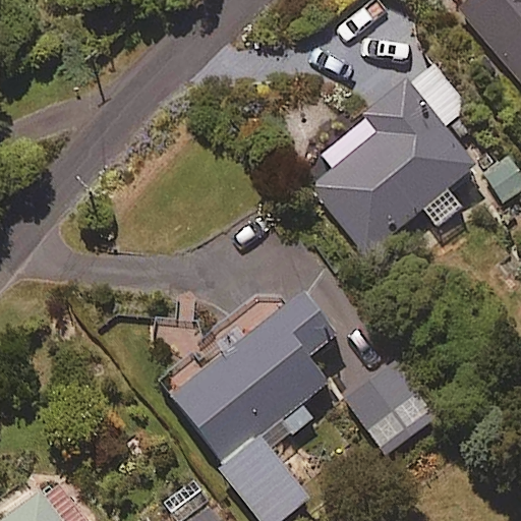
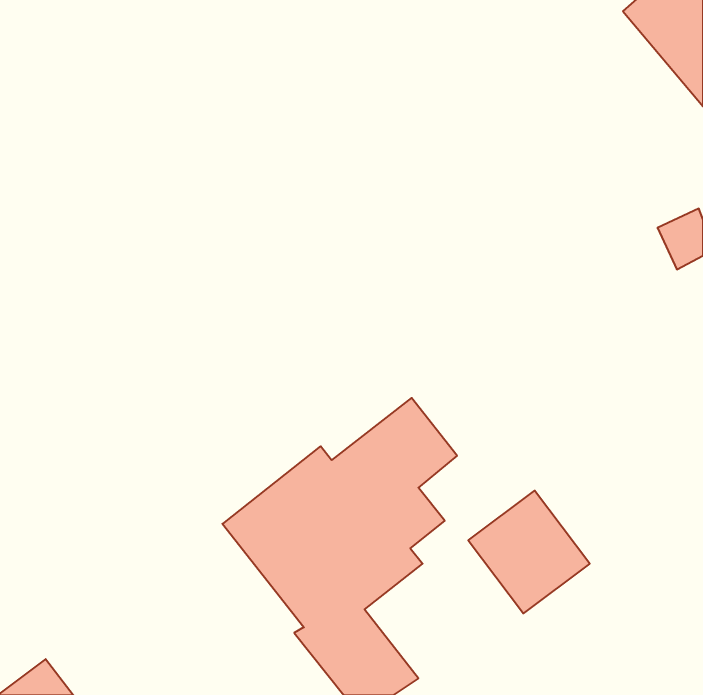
building: [308,63,475,253] -> none

